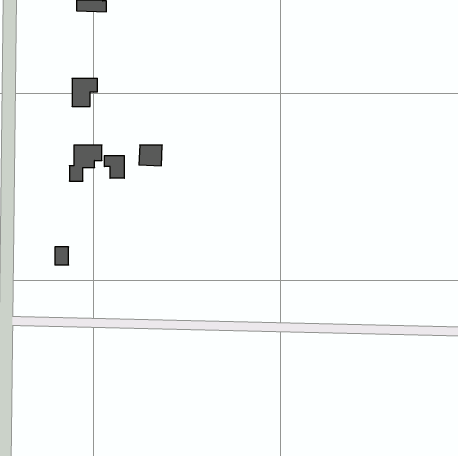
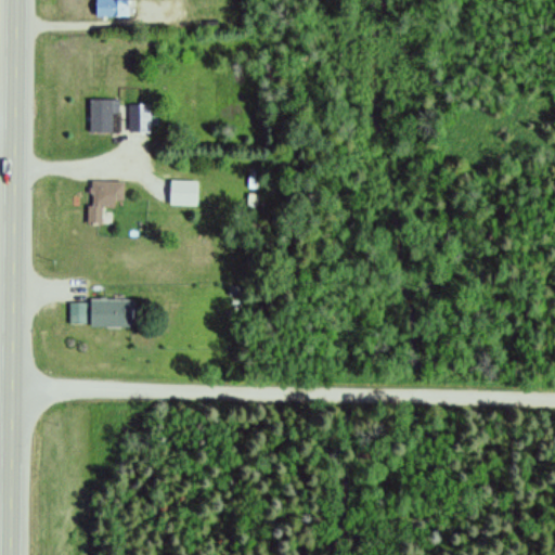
building: none -> [128,106,153,134]
building: [104,156,124,178] -> none
building: none -> [91,299,134,328]

